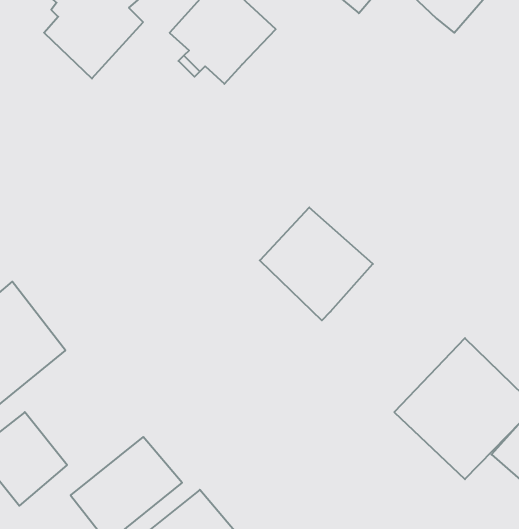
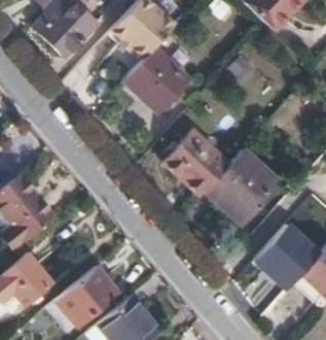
building: none -> [125,48,187,111]
building: none -> [206,150,282,222]

